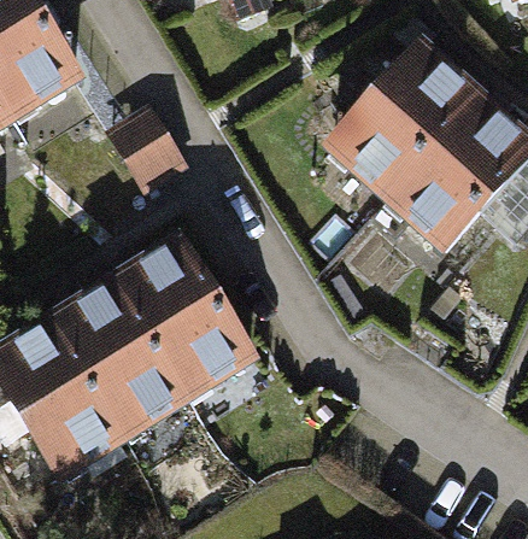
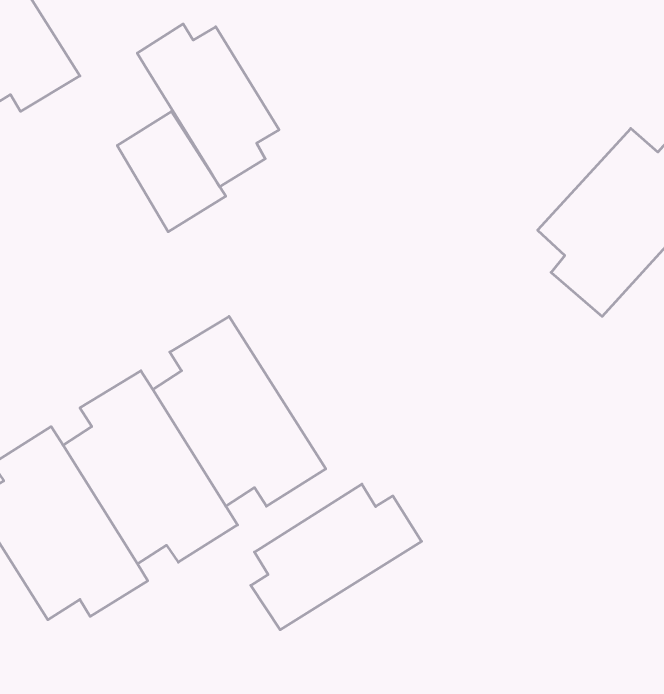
building: none -> [137,24,279,187]
building: [342,63,475,198] -> none
building: none -> [251,484,422,630]

